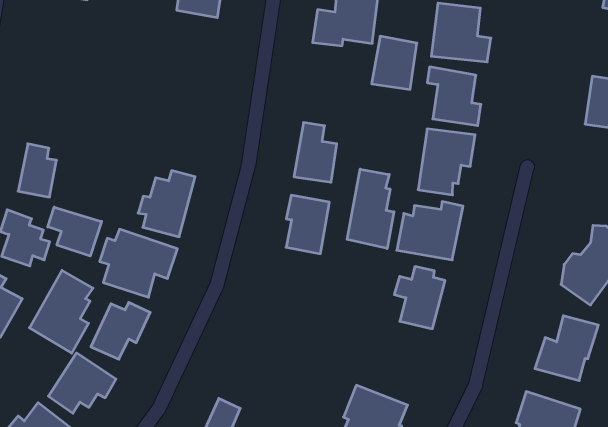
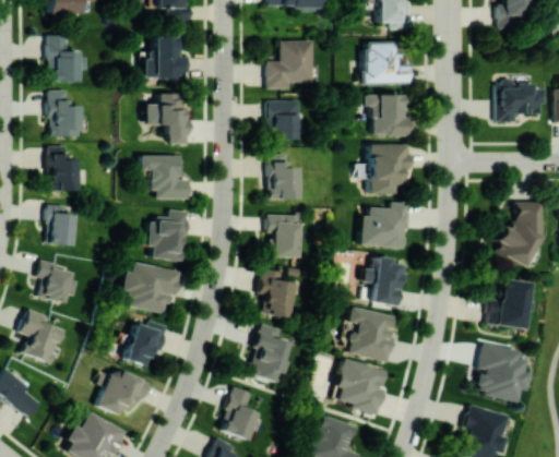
building: none -> [49,89,82,136]
building: none -> [145,94,189,143]
building: [372,36,417,89] -> [270,99,301,139]
building: none -> [49,145,79,191]
building: none -> [141,155,189,199]
building: [347,169,394,249] -> none
building: [48,207,102,256] -> none
building: none -> [260,268,295,317]
building: [29,270,93,353] -> none
building: none -> [347,306,395,361]
building: none -> [249,323,293,383]

